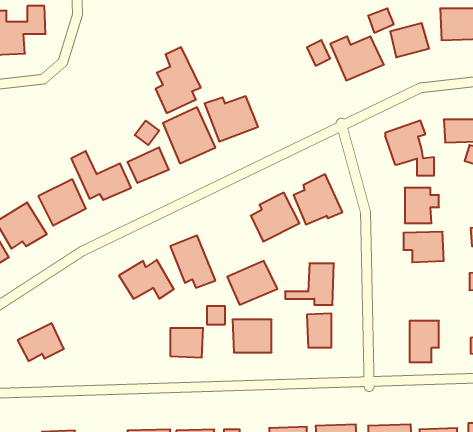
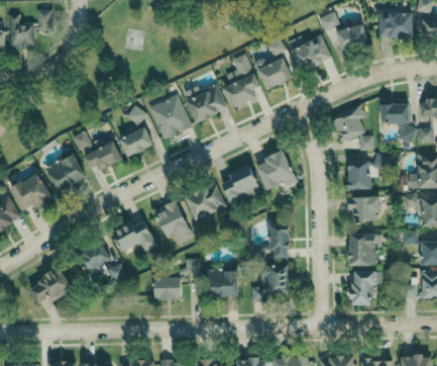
building: [156,47,201,113] -> [223,54,260,108]
building: none -> [253,58,294,90]
building: [227,261,277,305] -> [185,184,226,220]
building: none -> [349,234,376,266]
building: none -> [77,241,127,282]

